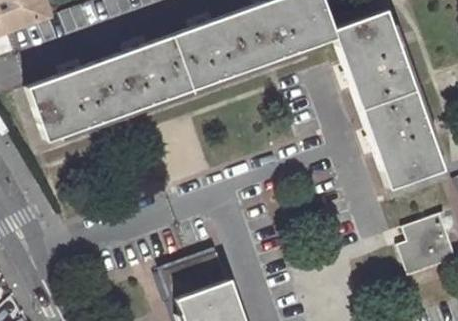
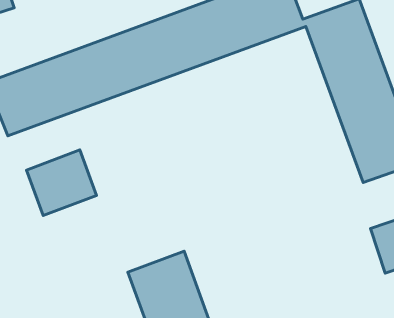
building: none -> [27,150,97,216]

